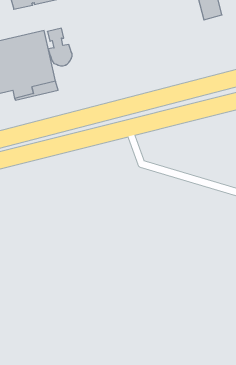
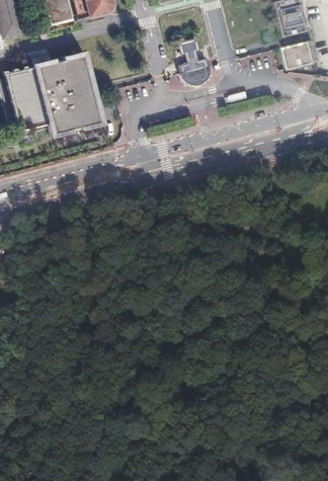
building: none -> [285,36,315,68]
building: [47,28,72,66] -> [179,39,210,86]

